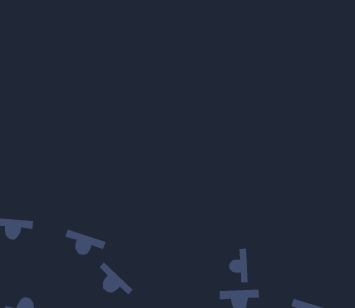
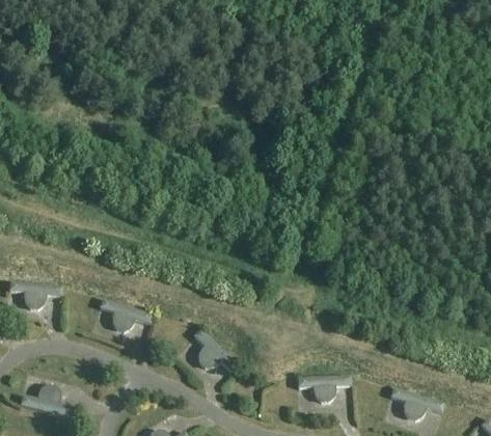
building: [229,248,248,283] -> none
building: [99,262,134,295] -> [193,328,238,372]

